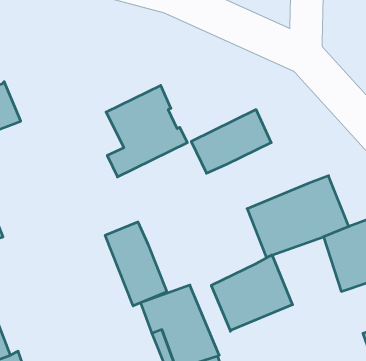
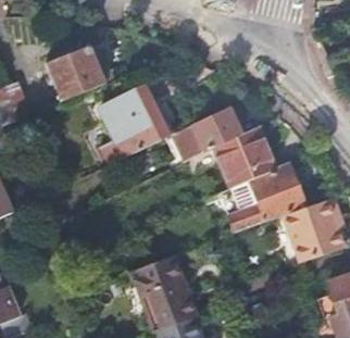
building: none -> [47,45,107,100]
building: [105,222,167,306] -> none
building: [211,255,293,331] -> [203,126,273,191]

